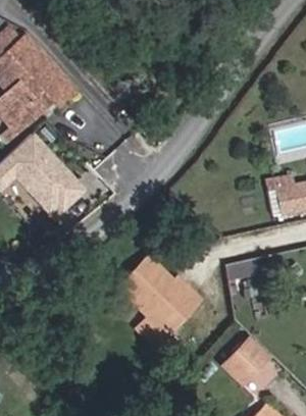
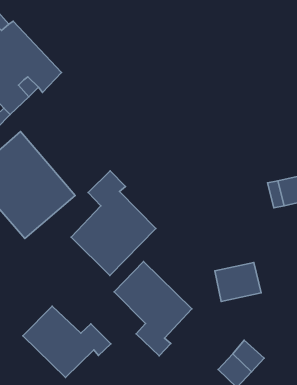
building: none -> [71,171,156,275]
building: none -> [23,306,111,378]

